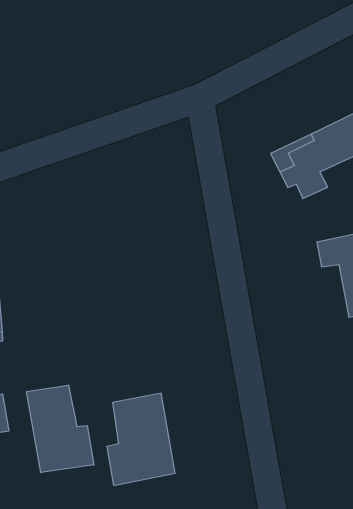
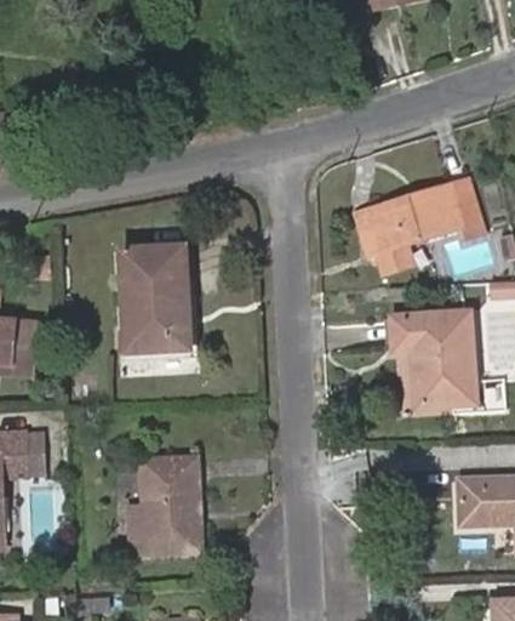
building: none -> [121,246,189,349]
building: [27,385,94,473] -> none

